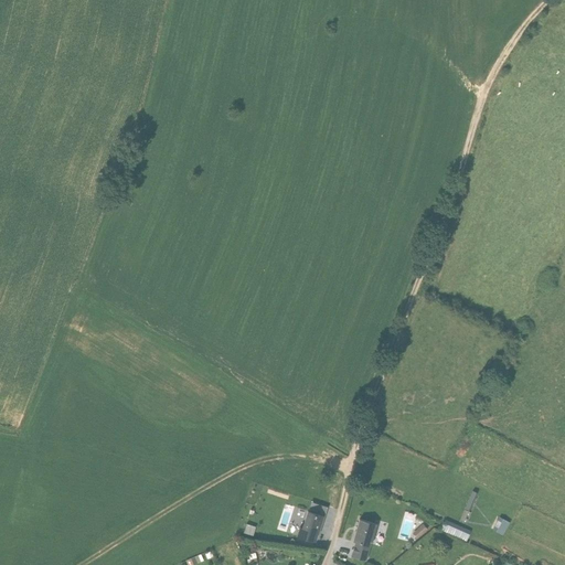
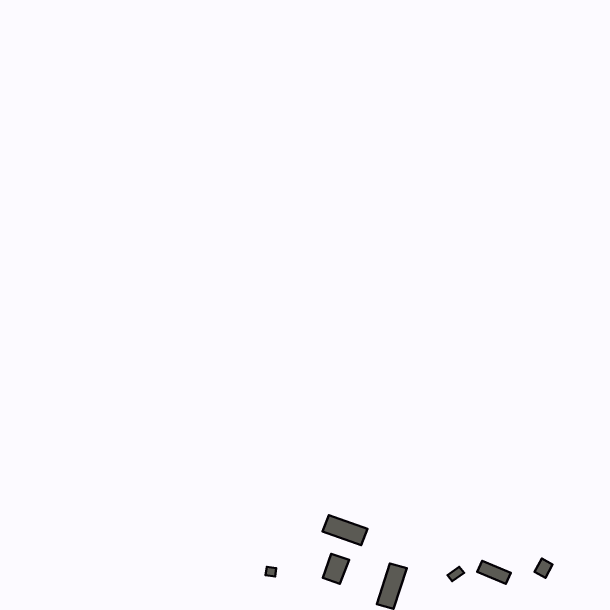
building: none -> [323,515,367,545]

